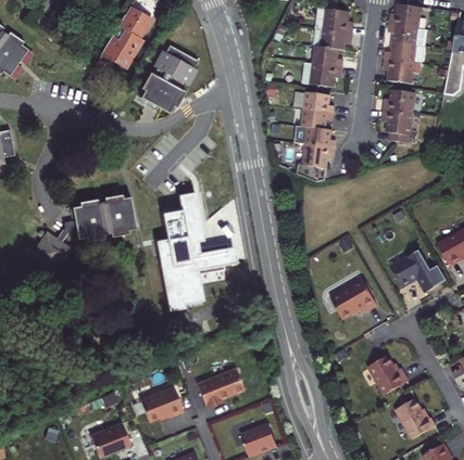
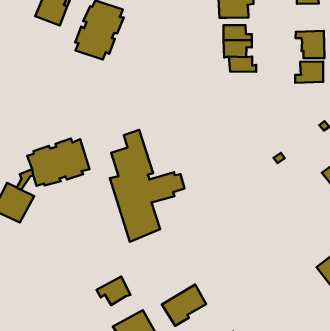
building: [381,89,415,114] -> [295,62,323,83]
building: [301,143,333,168] -> none
building: [329,280,376,320] -> none
building: none -> [97,277,130,305]

